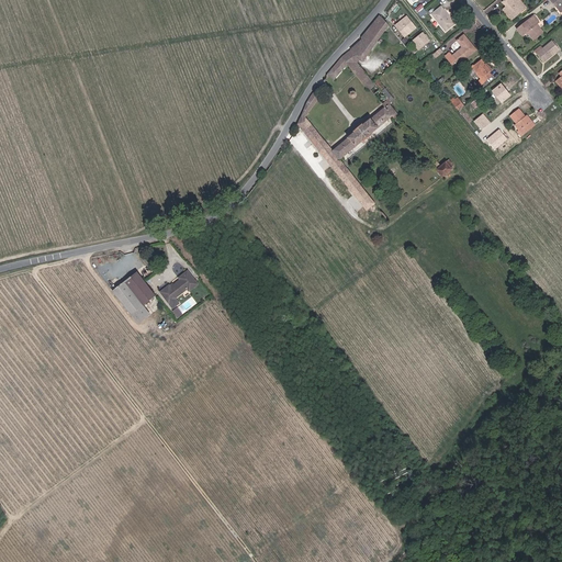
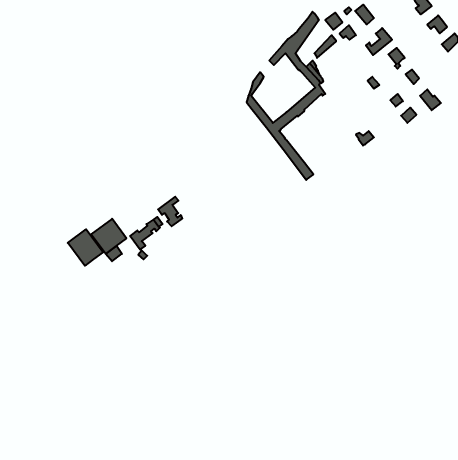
building: none -> [158,197,182,226]
building: none -> [68,229,103,266]

